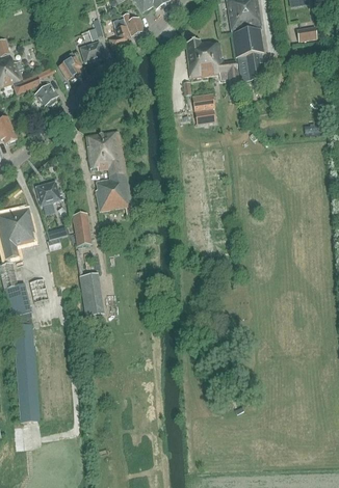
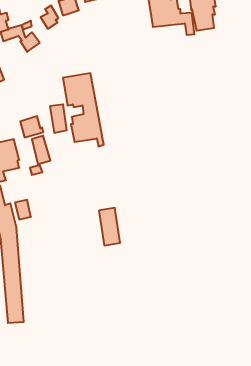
building: [192,93,216,120] -> none
building: [72,213,92,246] -> [50,104,67,133]
building: [79,273,104,317] -> [99,208,120,245]

